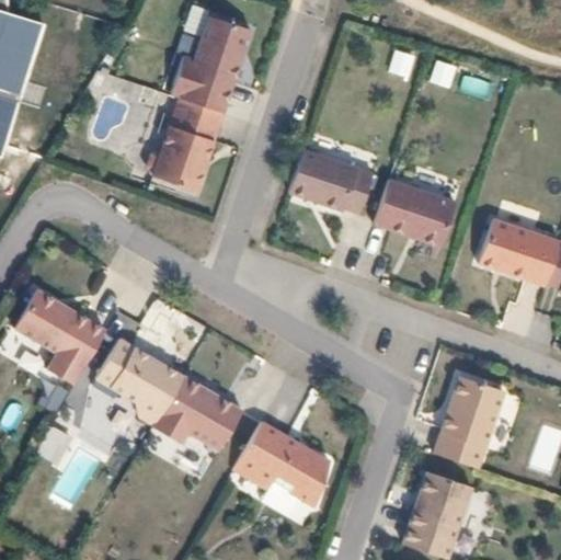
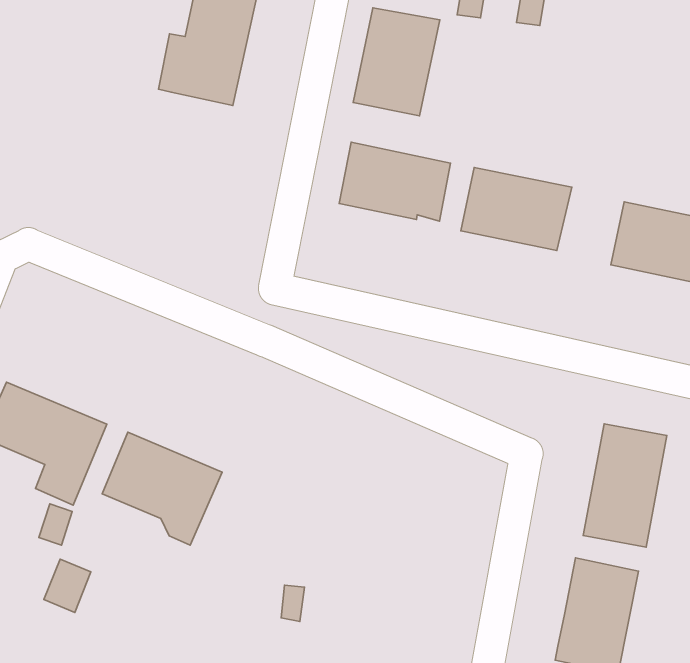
building: none -> [353,8,440,116]
building: [149,98,224,191] -> none
building: [151,374,241,447] -> none
building: [231,422,327,504] -> none

